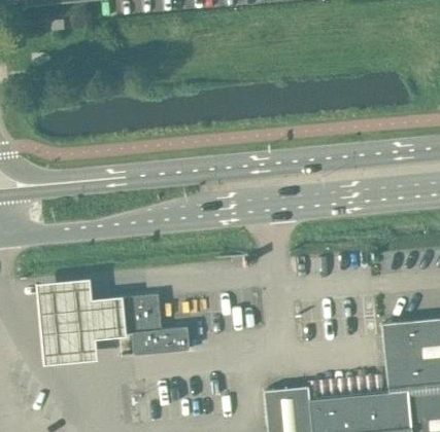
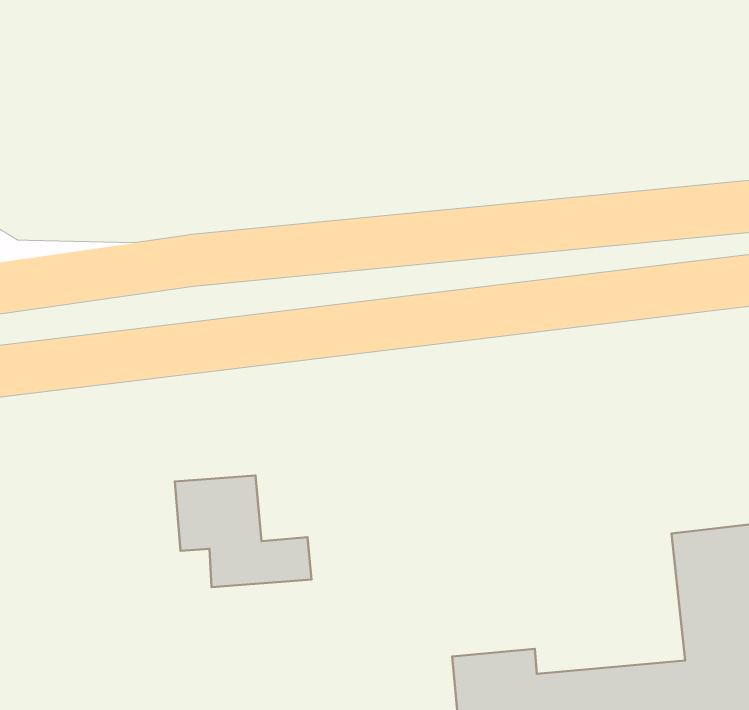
building: [38,279,120,365] -> none

